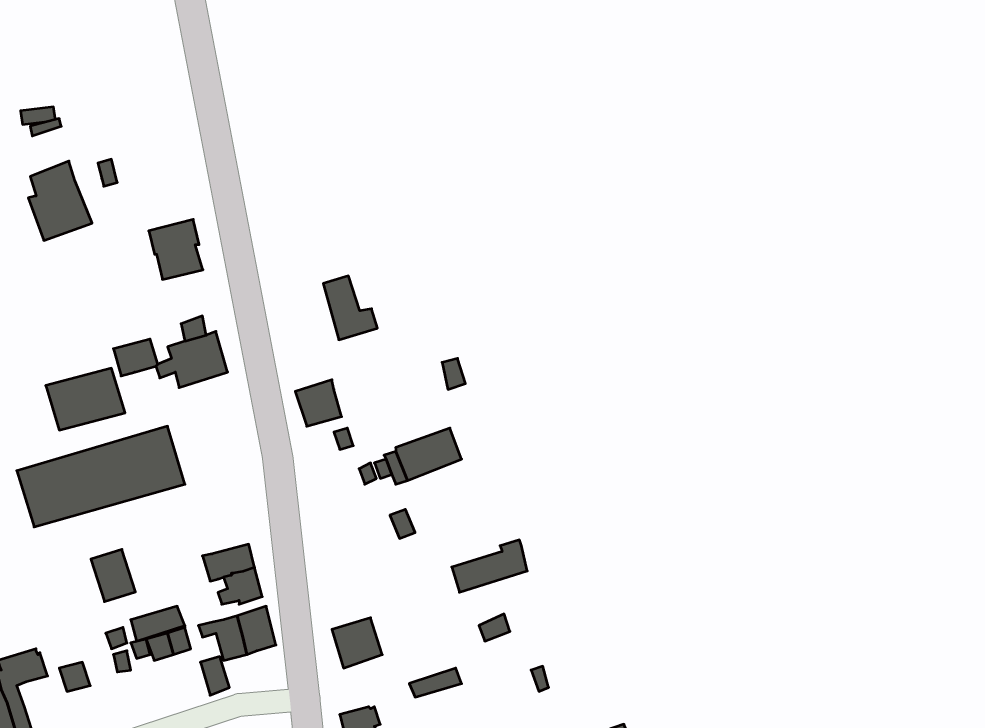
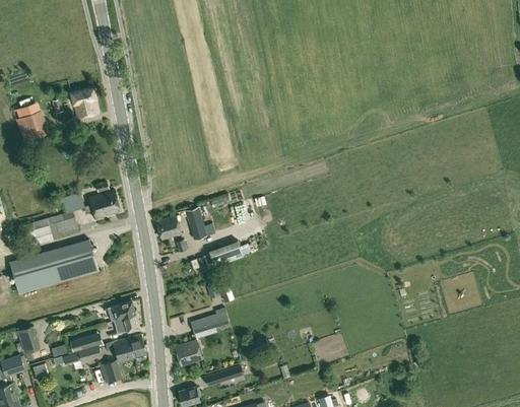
building: [149,219,203,279] -> [70,86,99,118]
building: [323,276,377,340] -> [186,207,214,241]
building: [452,540,527,592] -> [190,308,230,335]
building: [91,549,135,602] -> [17,326,41,353]

